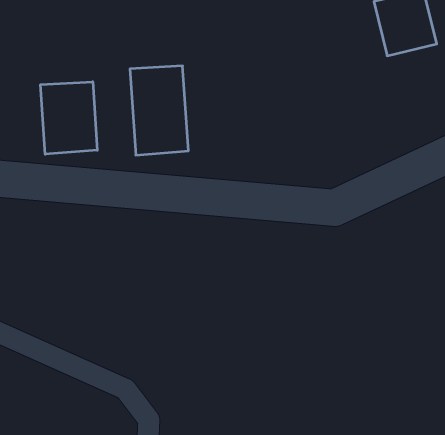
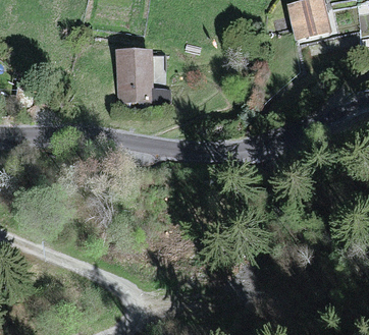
building: [41,82,97,154] -> none

